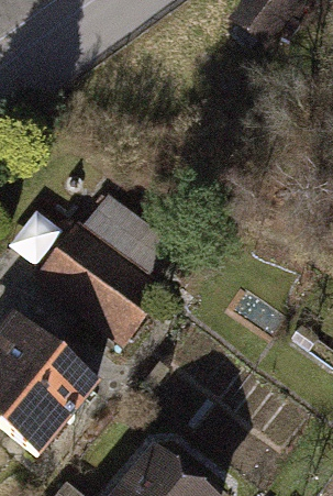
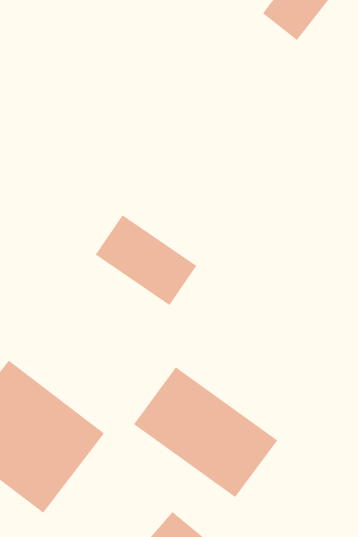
building: [30,230,157,345] -> [133,367,278,498]

